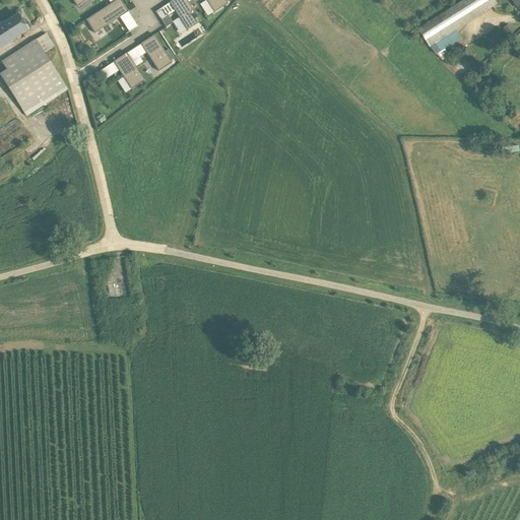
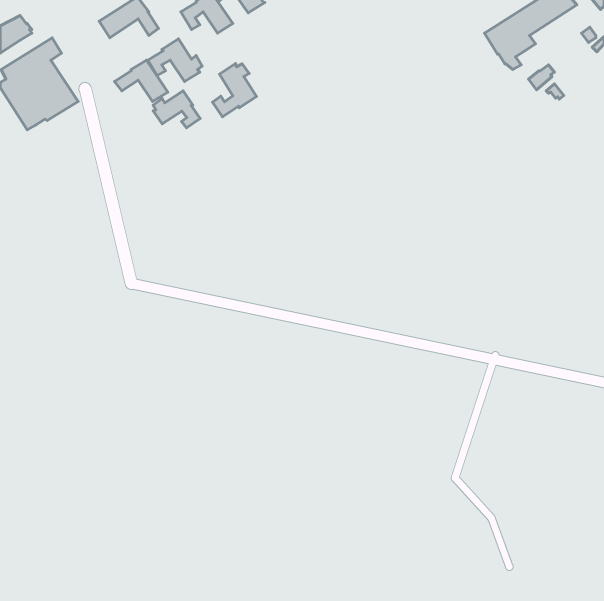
building: none -> [212,64,257,117]
building: none -> [153,91,200,128]

